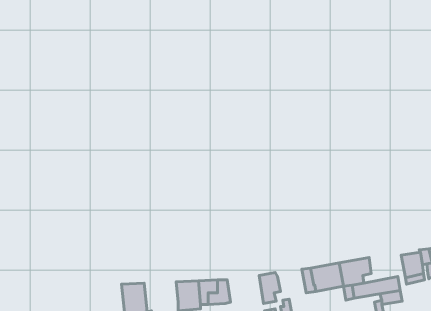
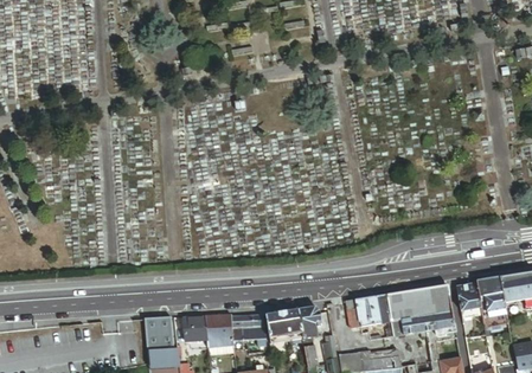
building: none -> [414,283,453,316]
building: none -> [267,308,302,336]
building: none -> [181,315,209,340]

